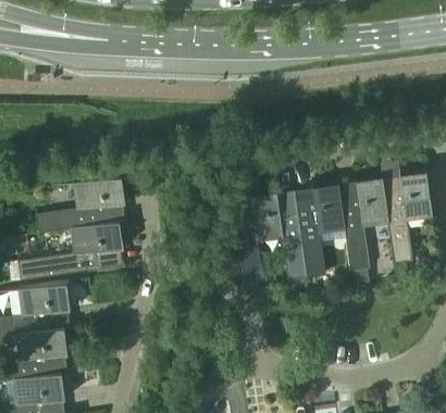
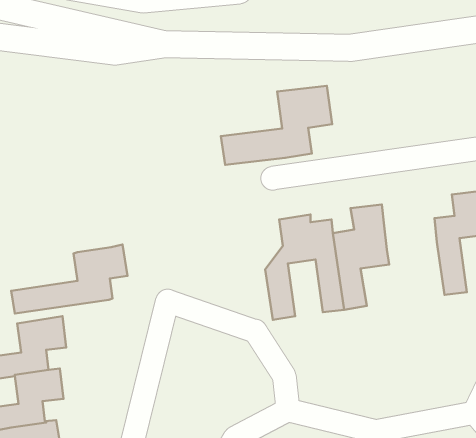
building: none -> [221,86,332,165]
building: [36,176,121,233] -> none
building: [342,179,387,271] -> none

